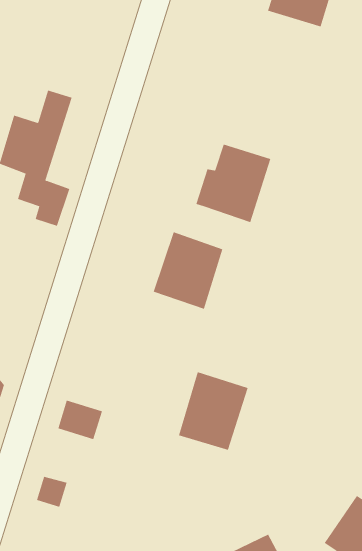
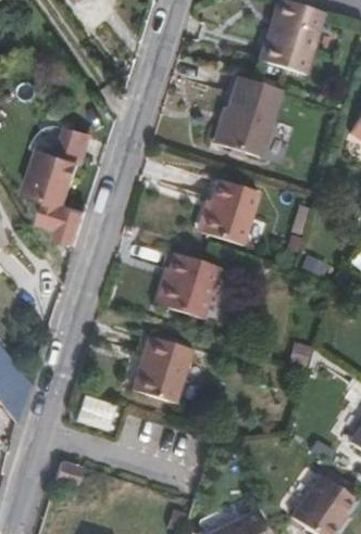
building: none -> [212,77,281,156]
building: [178,372,249,451] -> [130,332,191,400]

